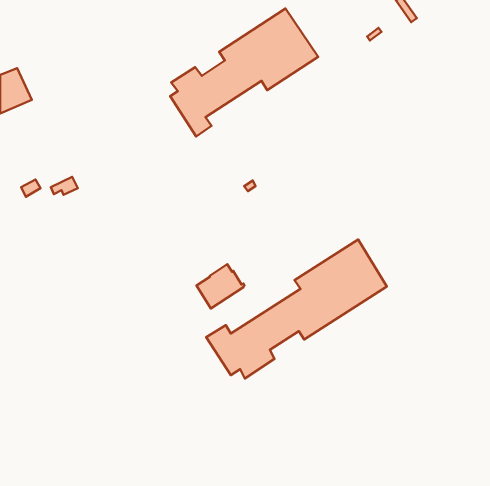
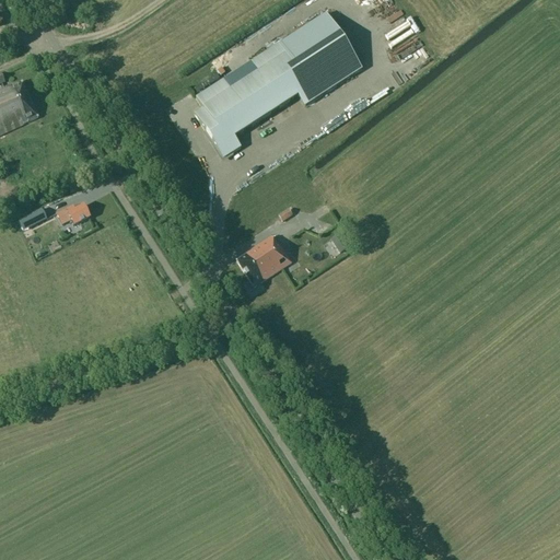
building: [206,239,387,378] -> none
building: [196,264,245,308] -> [237,233,292,283]

